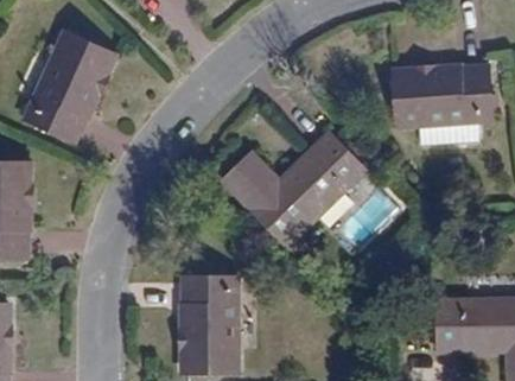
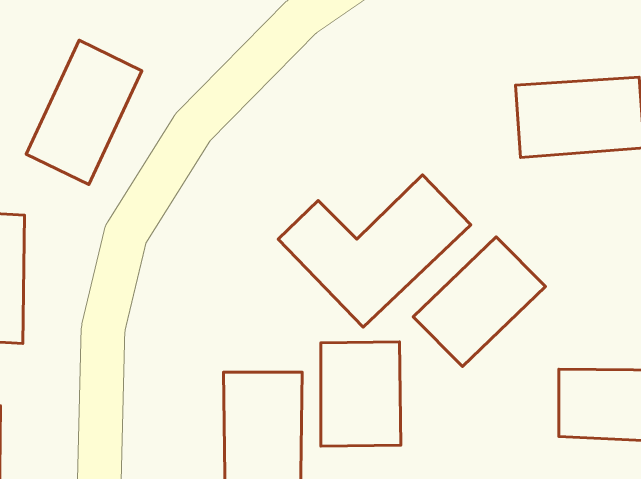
building: none -> [413,237,546,366]
building: none -> [321,342,401,446]

